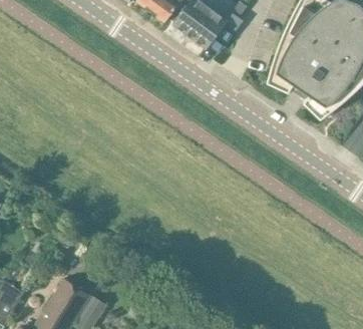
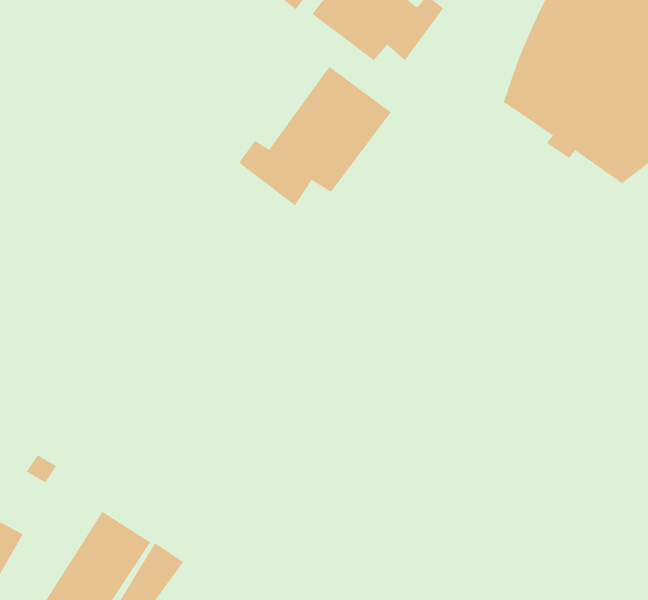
building: none -> [238,66,392,207]

